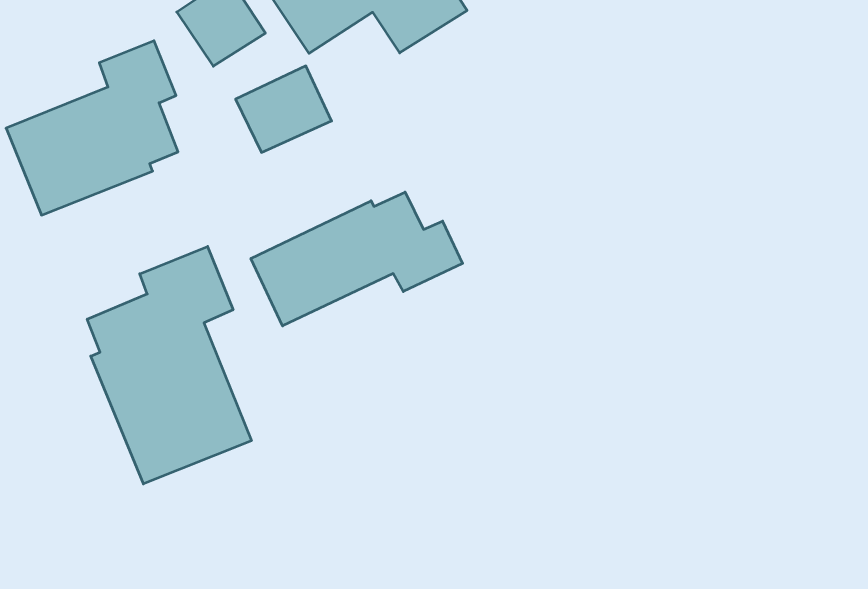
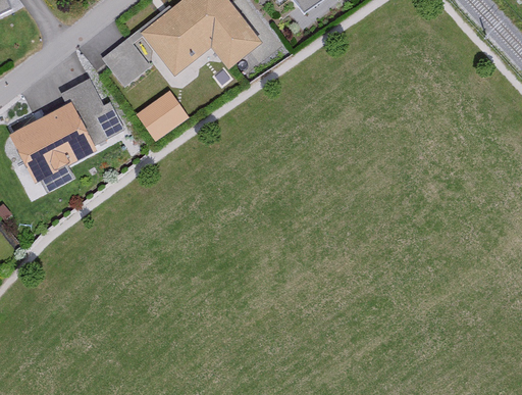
building: [251,192,463,326] -> none
building: [87,246,251,484] -> none

